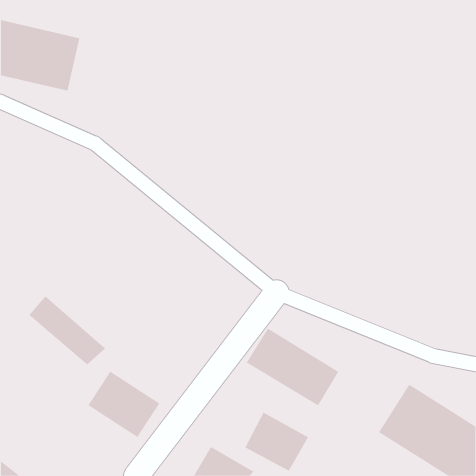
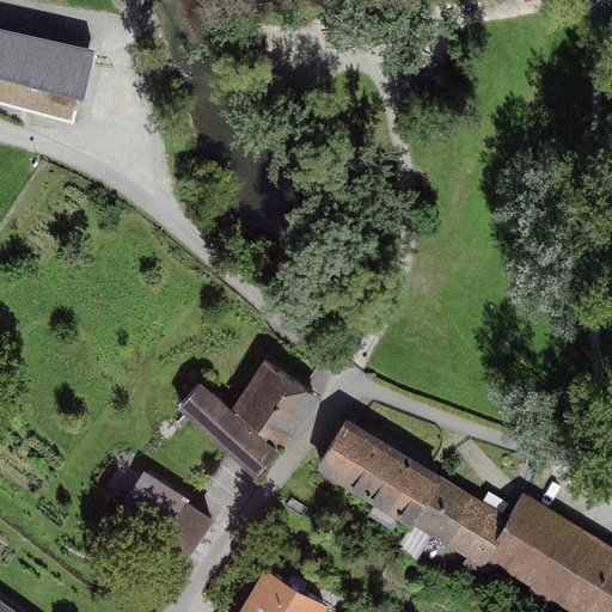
building: none -> [237,367,312,440]
building: [29,295,106,365] -> [176,384,275,473]
building: [244,412,309,472] -> [418,481,501,557]

